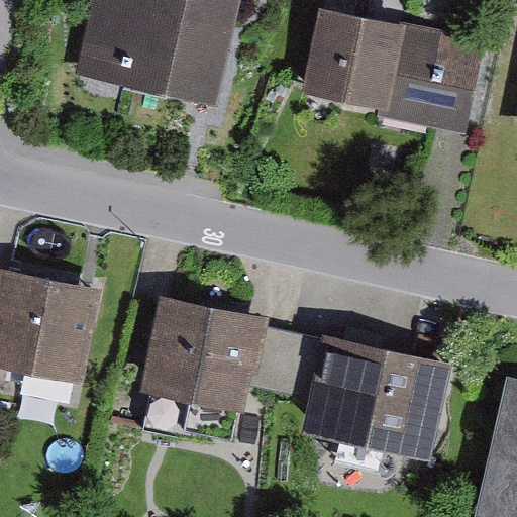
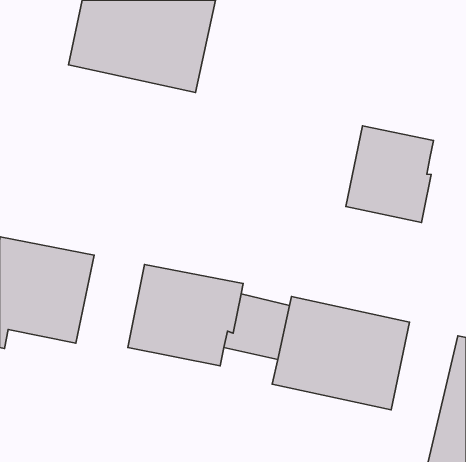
building: [303,10,487,138] -> none
building: none -> [346,126,433,222]

